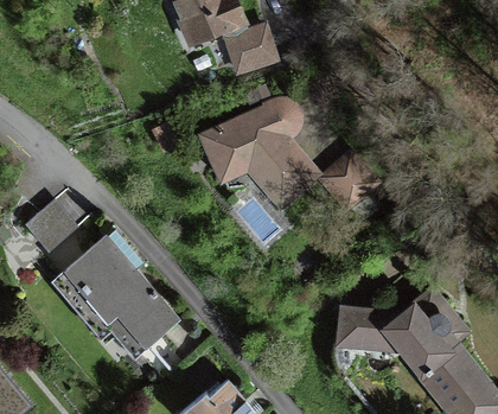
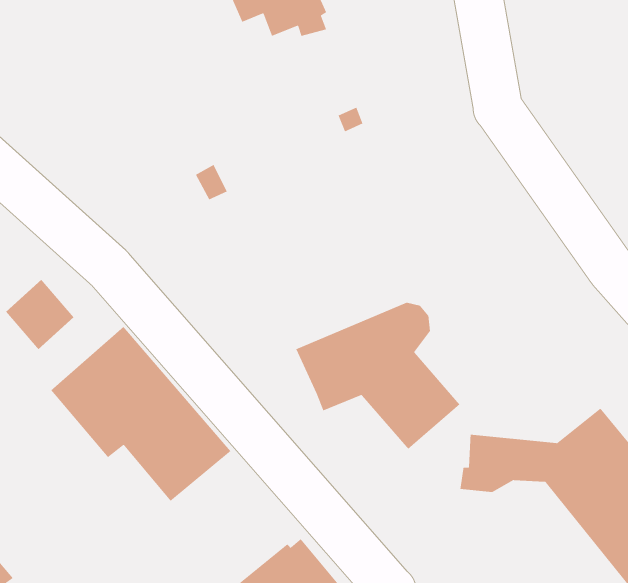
building: [226,26,275,72] -> none
building: [203,104,315,205] -> [295,302,460,450]
building: [323,155,374,206] -> none

